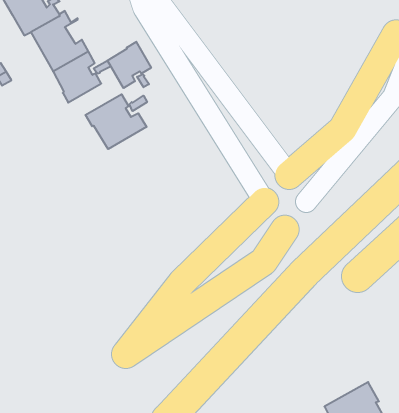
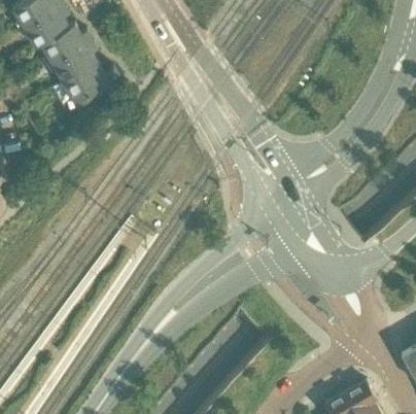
building: [107,42,151,88] -> none
building: [85,94,147,149] -> none

